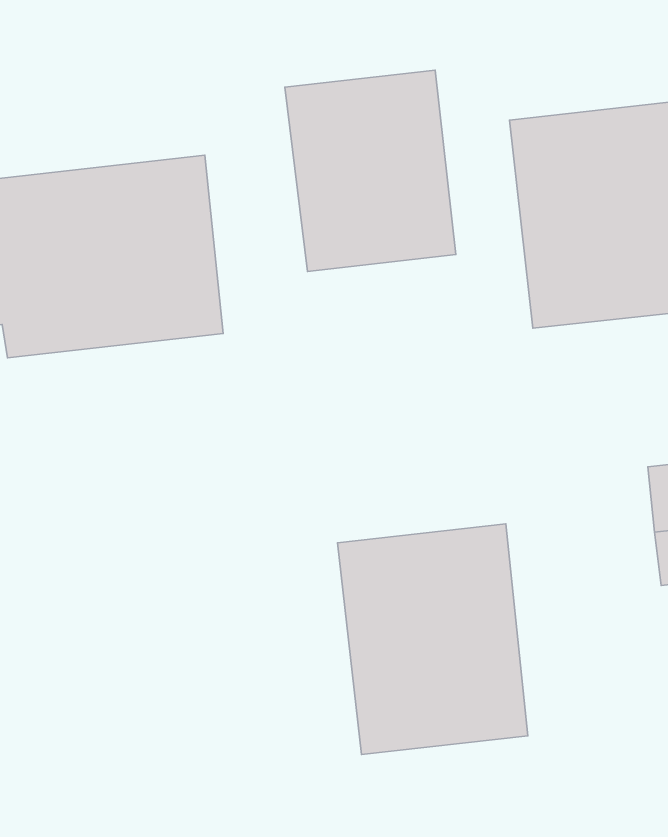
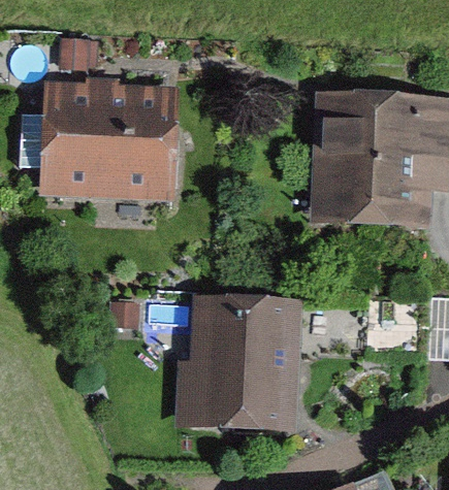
building: [285,70,456,272] -> none

